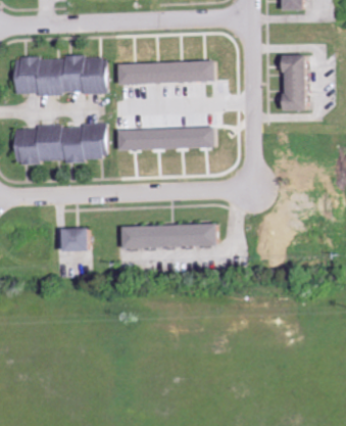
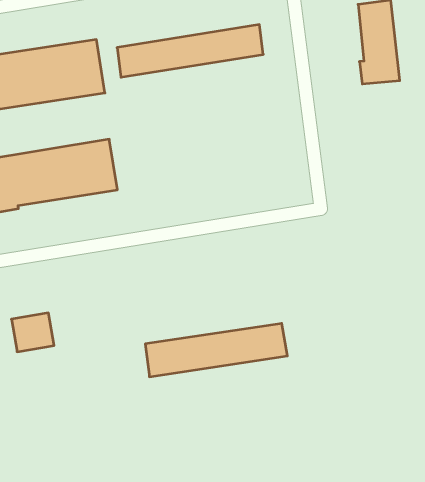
building: [118,128,215,149] -> none
building: [121,224,216,248] -> [145,323,287,377]
building: [63,228,90,251] -> [11,313,54,352]

